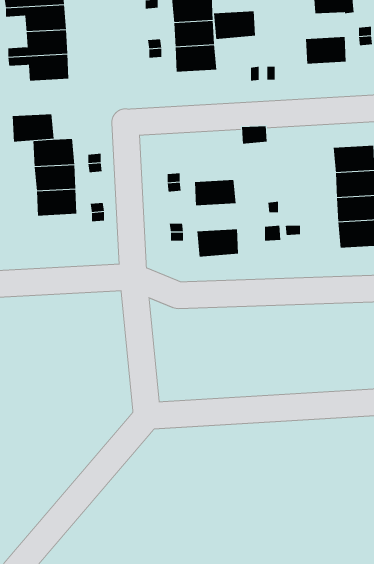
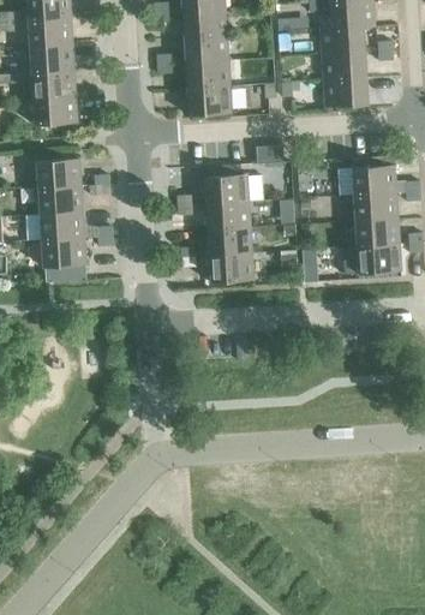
building: [213,11,256,39] -> [186,86,231,117]
building: none -> [319,26,364,54]
building: none -> [323,78,366,107]
building: [12,114,54,142] -> [32,96,77,126]
building: none -> [203,174,247,204]
building: none -> [206,227,251,256]
building: none -> [41,238,85,282]

